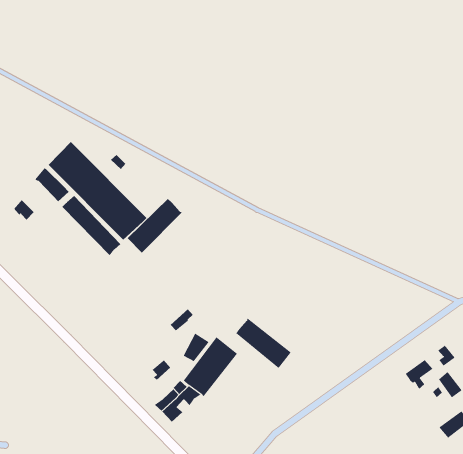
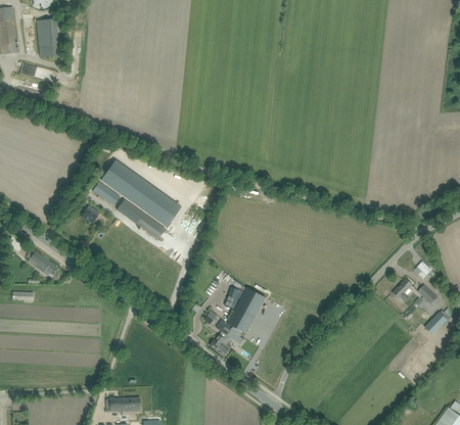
building: [127,198,183,253] -> none
building: [236,317,291,369] -> none

